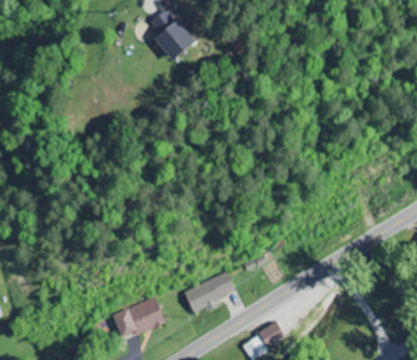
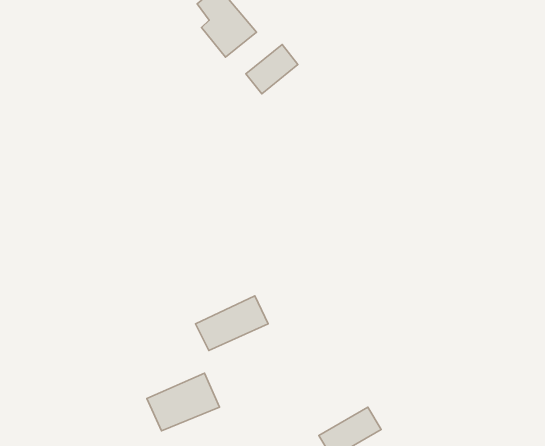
building: none -> [246,44,298,94]
building: [184,271,238,312] -> [195,296,268,351]

